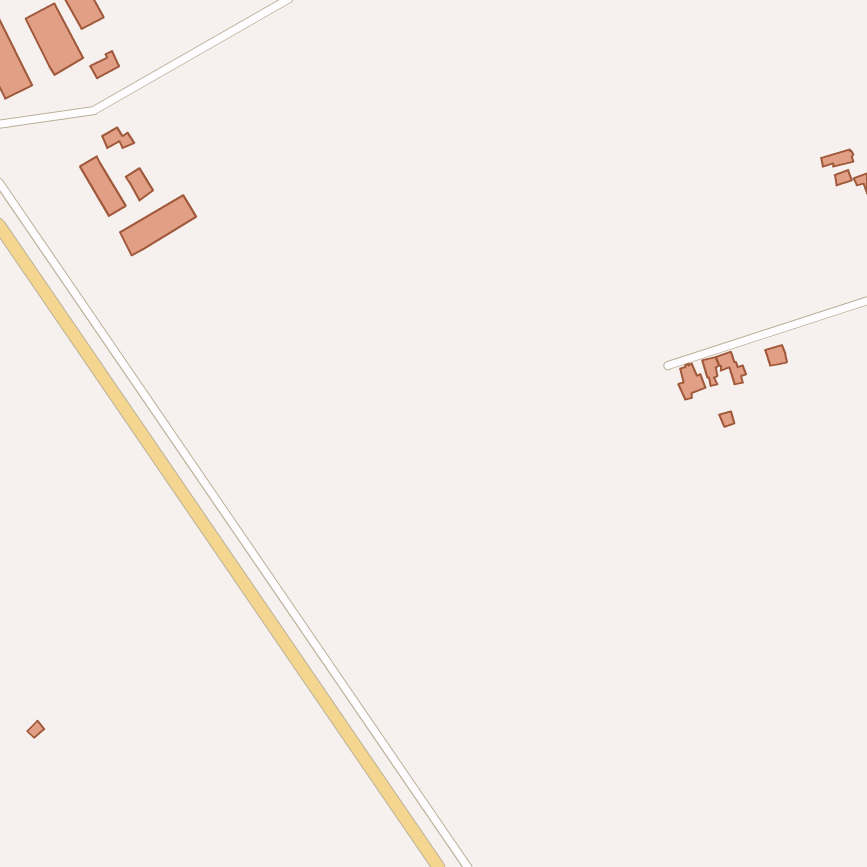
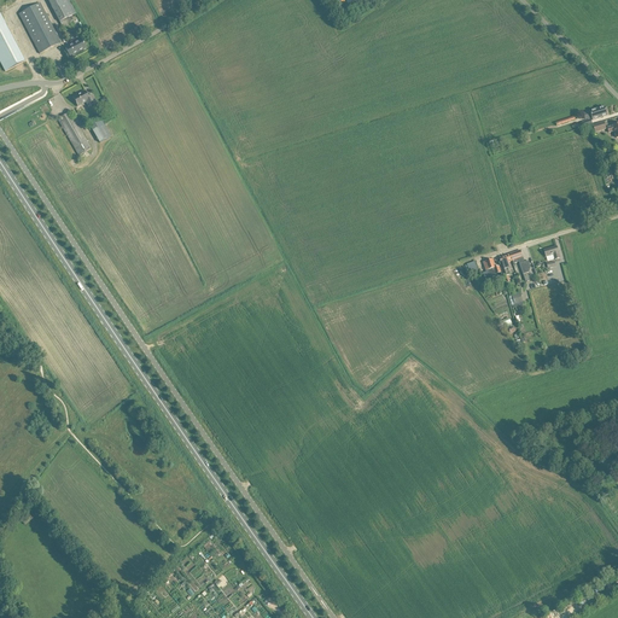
building: [120,195,196,255] -> none

